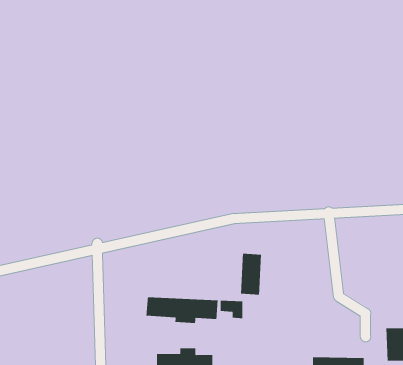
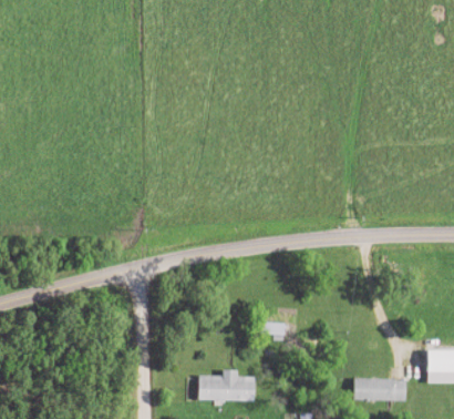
building: [241,253,262,295] -> none
building: [146,297,218,324] -> none

